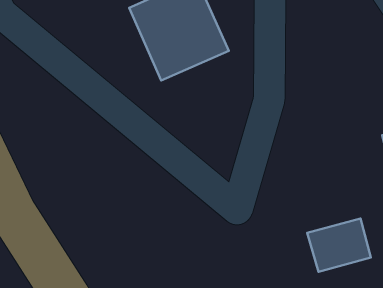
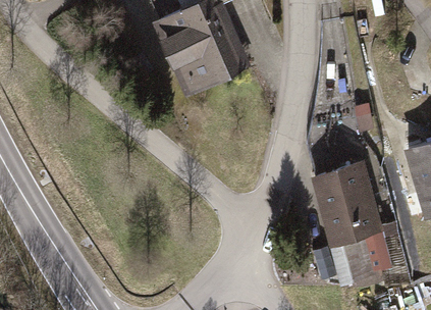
building: none -> [311,161,383,247]

